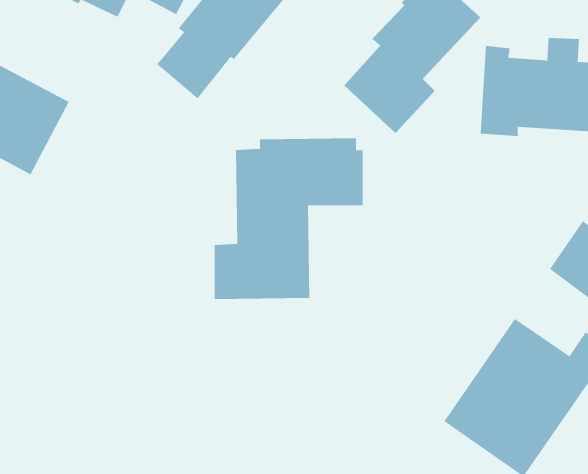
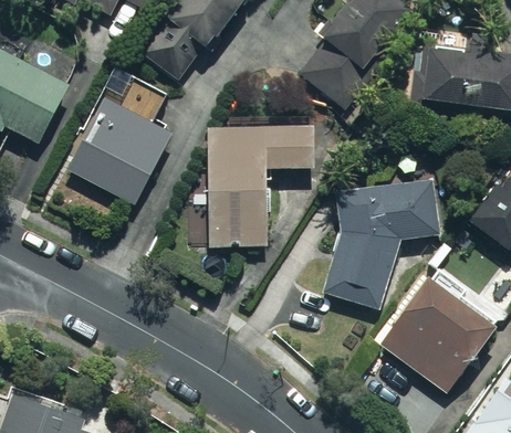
building: none -> [64,68,171,207]
building: none -> [323,179,439,310]

